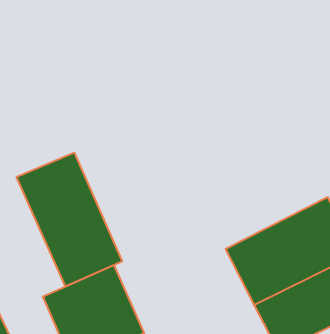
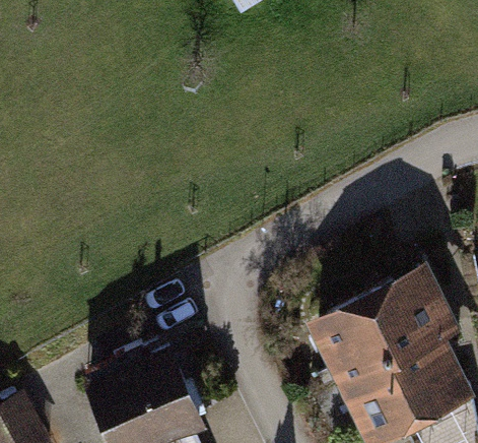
building: [17,153,122,287] -> none

